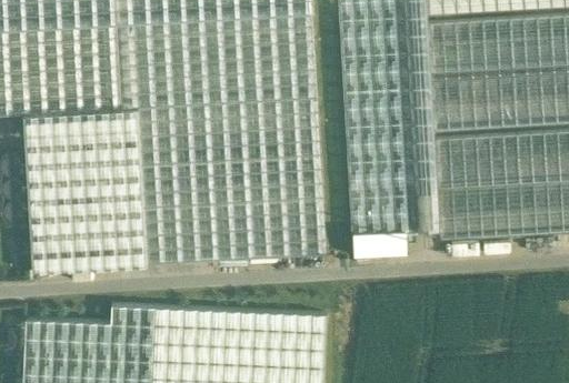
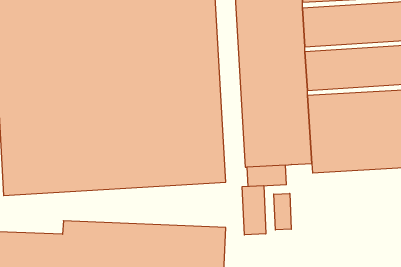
building: none -> [242,186,266,235]
building: none -> [274,193,291,230]

